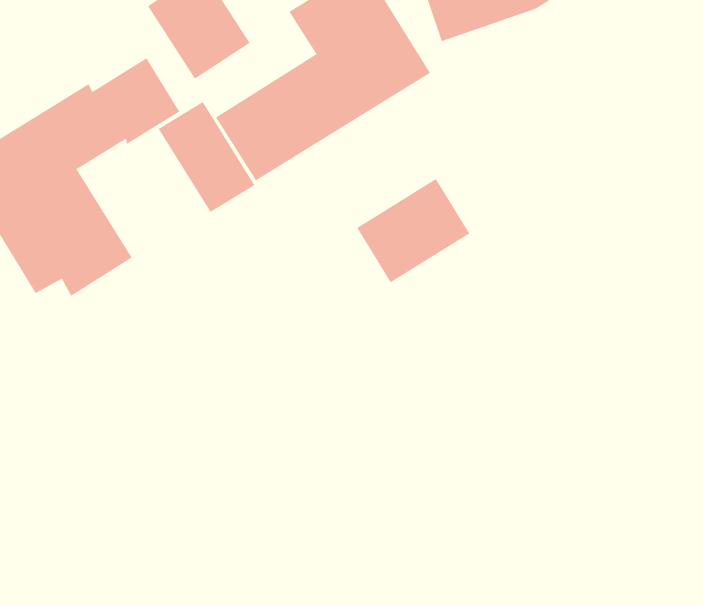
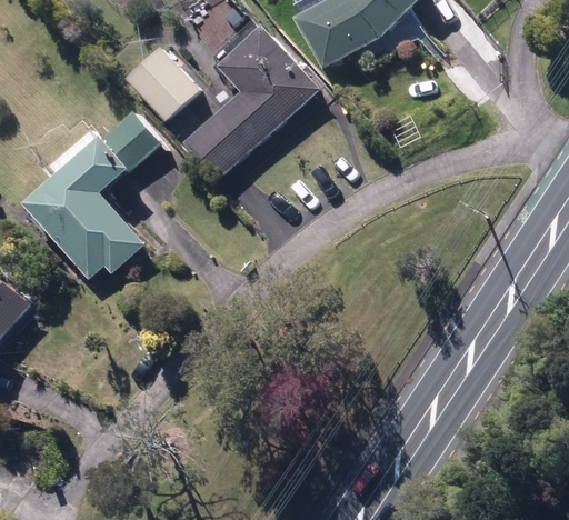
building: [158,101,255,213] -> none
building: [356,178,470,283] -> none

